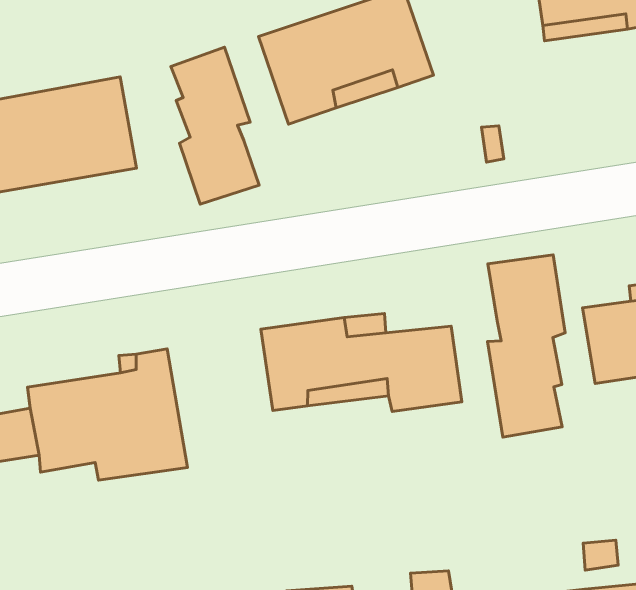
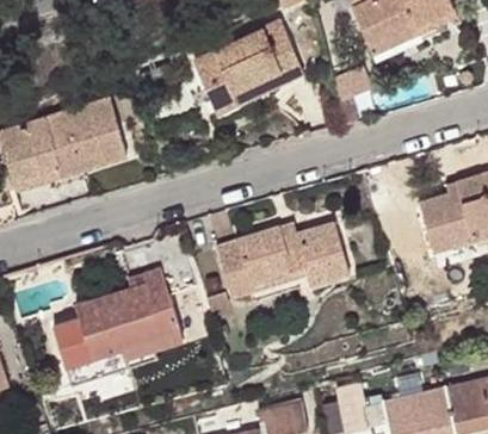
building: [171,47,259,204] -> none
building: [487,255,565,437] -> none

